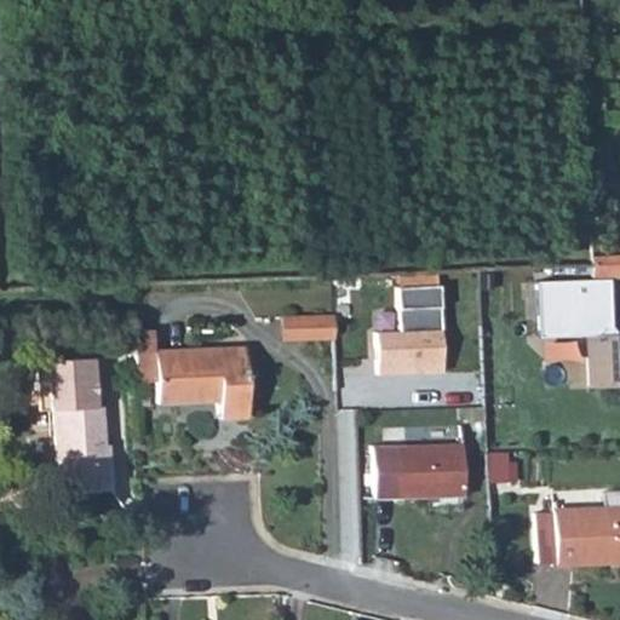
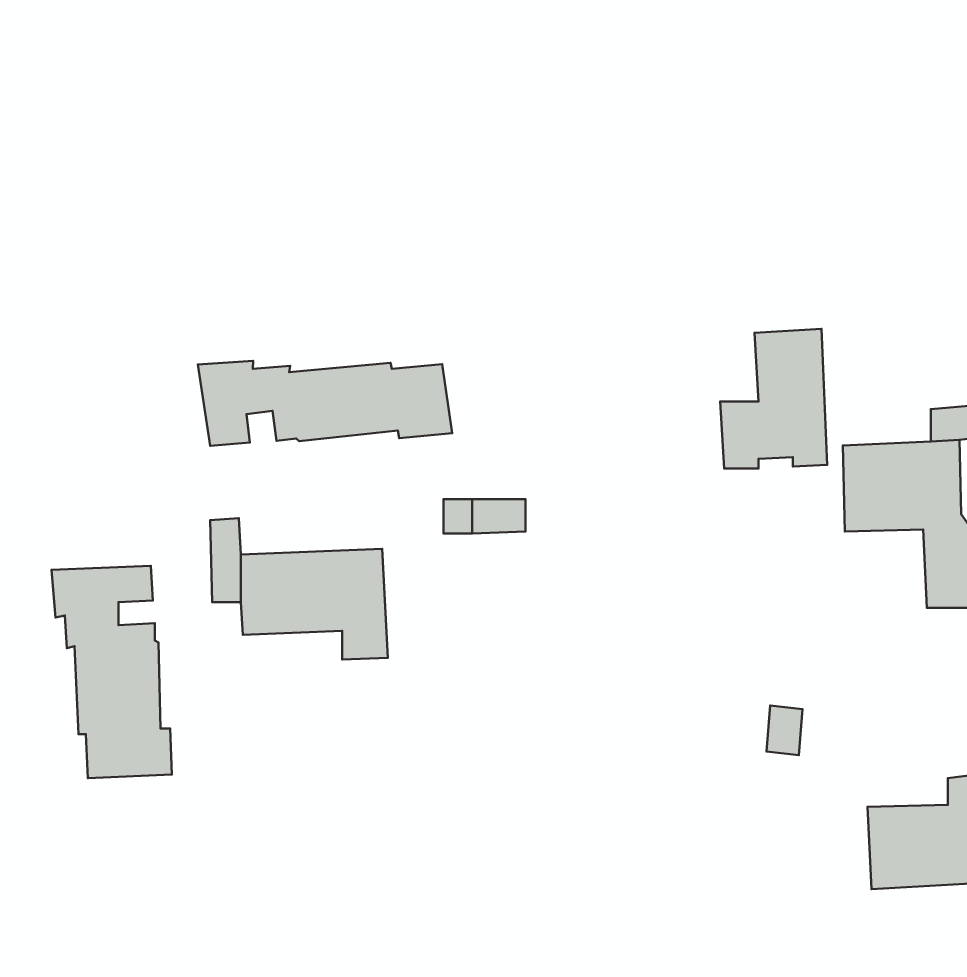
building: none -> [198,361,452,446]
building: [379,286,447,374] -> [720,329,827,469]
building: [374,442,467,499] -> none

